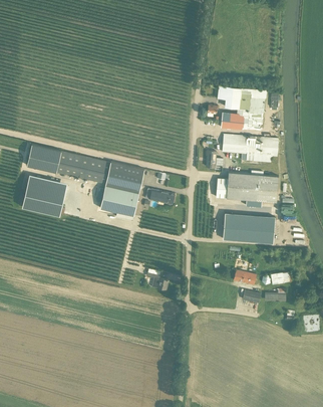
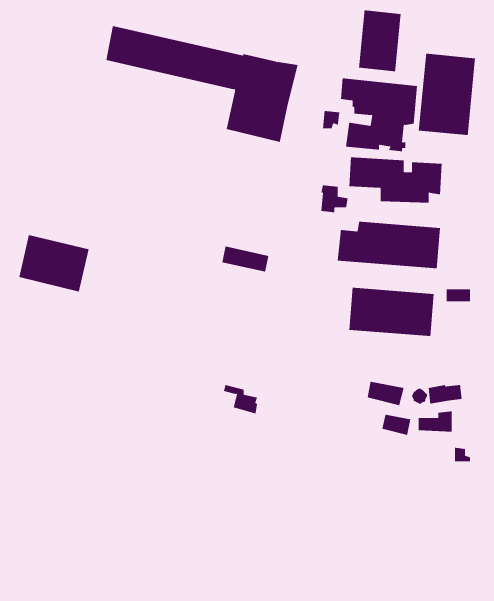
building: none -> [358,9,401,72]
building: none -> [418,53,476,136]
building: [27,145,144,216] -> [105,25,299,142]

